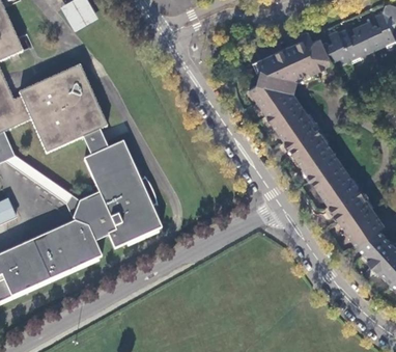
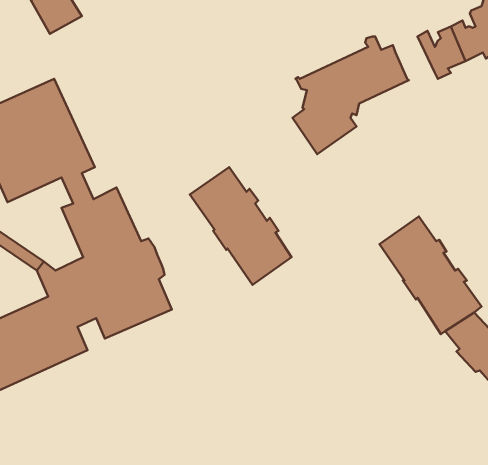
building: [321,30,349,62] -> none
building: [265,97,338,181] -> [190,167,292,285]

